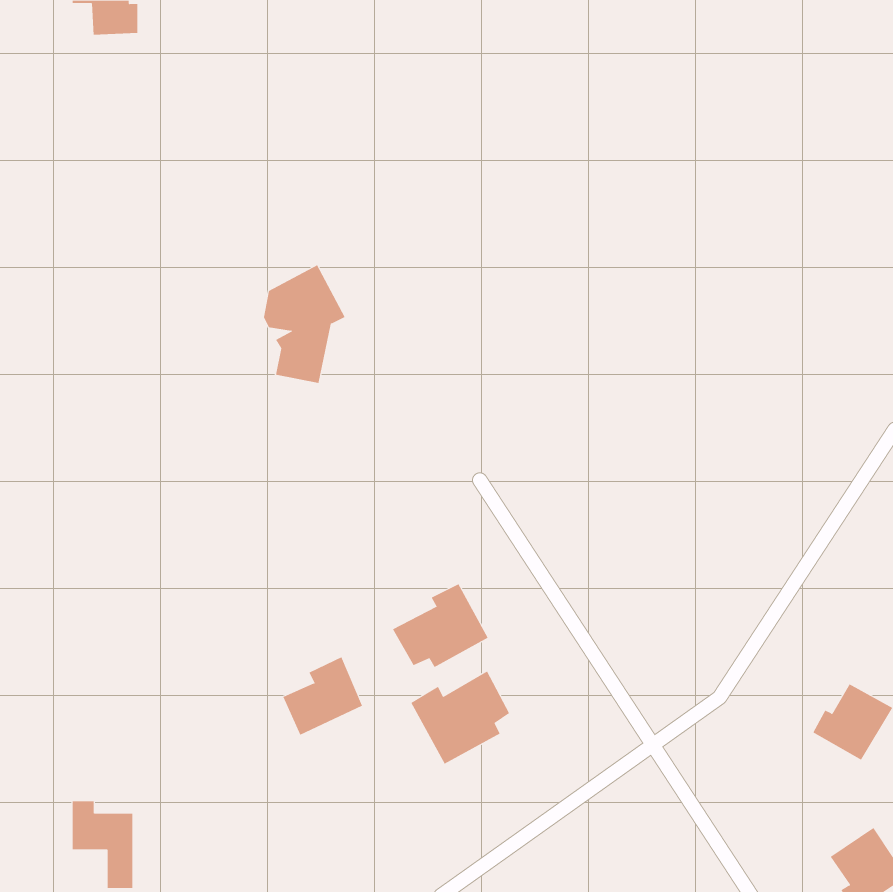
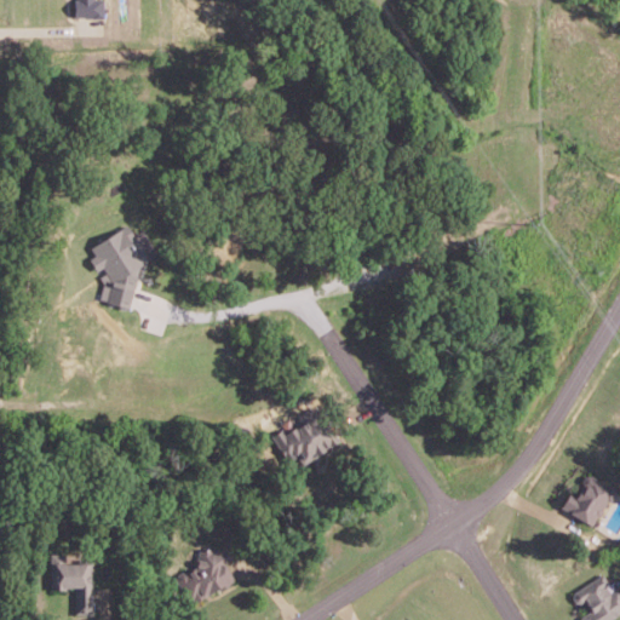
building: [263,264,345,384] -> [91,225,148,308]
building: [282,657,363,735] -> [179,549,235,603]
building: [410,671,510,765] -> none

